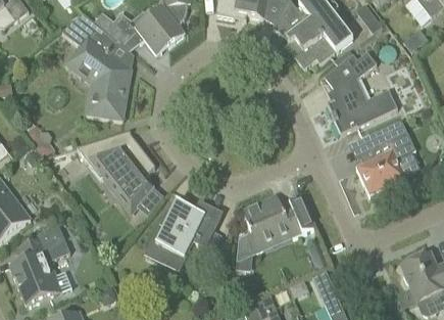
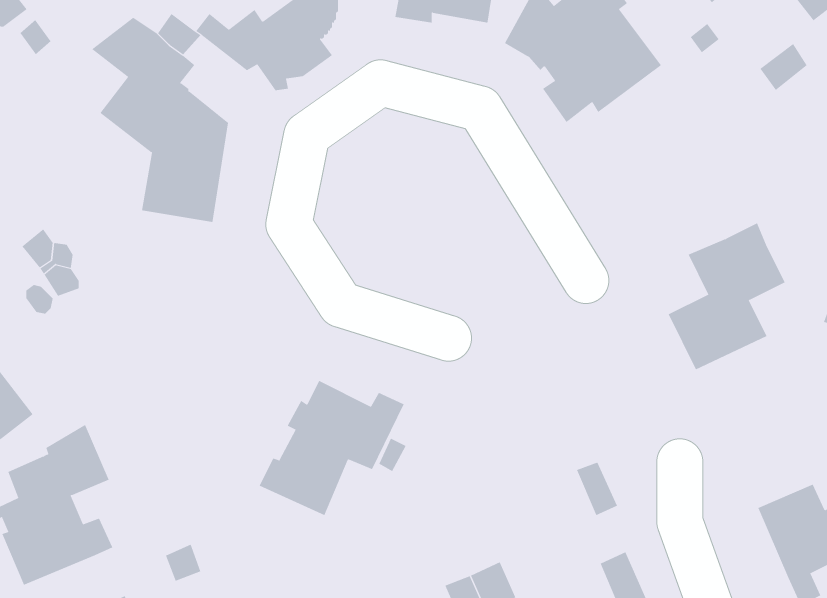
building: [319,50,397,133] -> none
building: [77,129,155,210] -> none
building: [236,195,315,260] -> none

